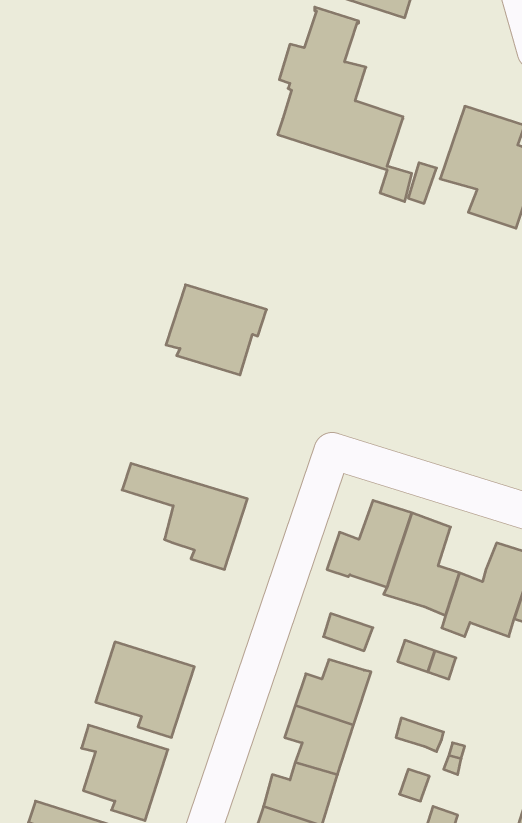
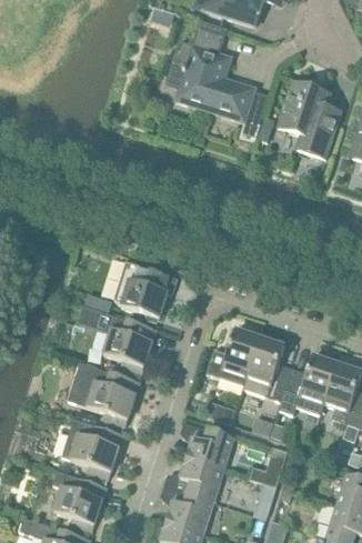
building: [166,285,267,375] -> [113,261,177,318]
building: none -> [68,362,139,424]

